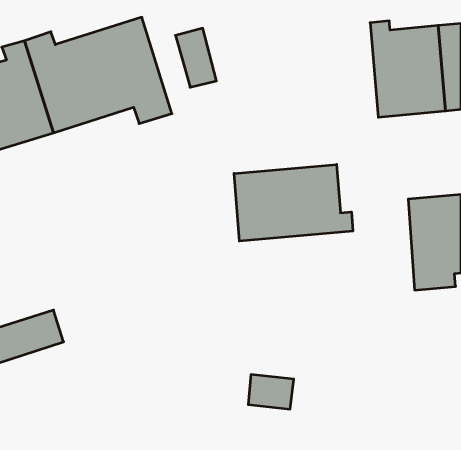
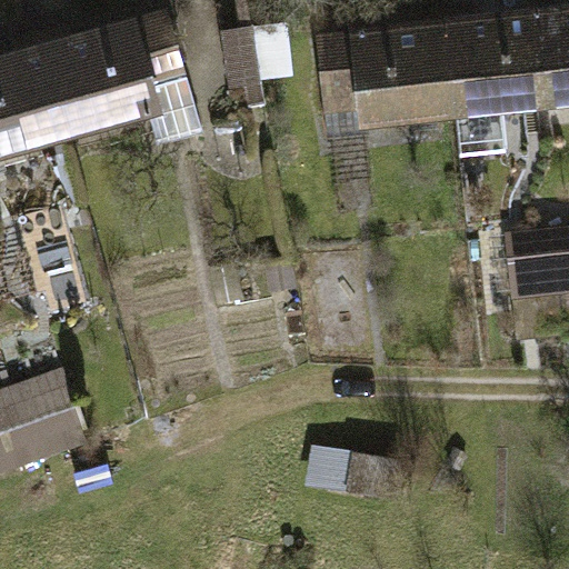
building: none -> [322,28,462,162]
building: [234,164,353,241] -> none

